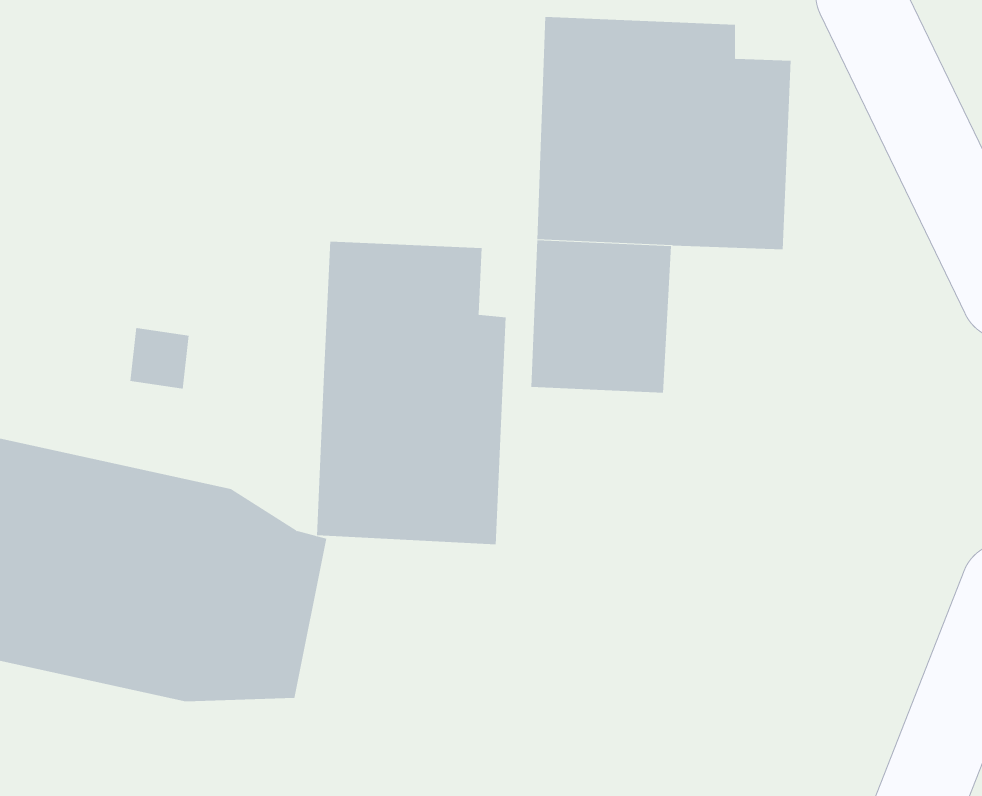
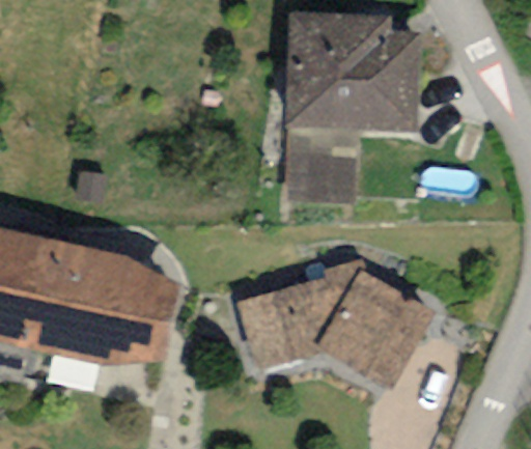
building: [316,241,506,545] -> none
building: none -> [234,259,434,390]

